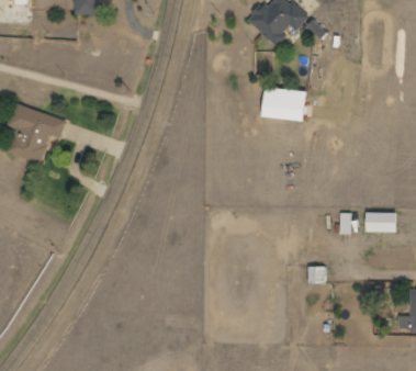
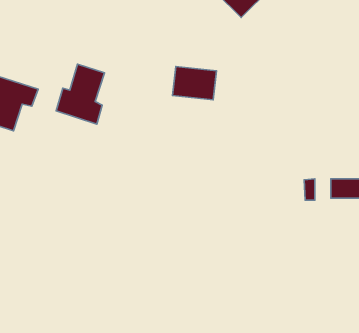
building: [262,87,307,121] -> [173,67,216,100]
building: none -> [56,64,104,124]

